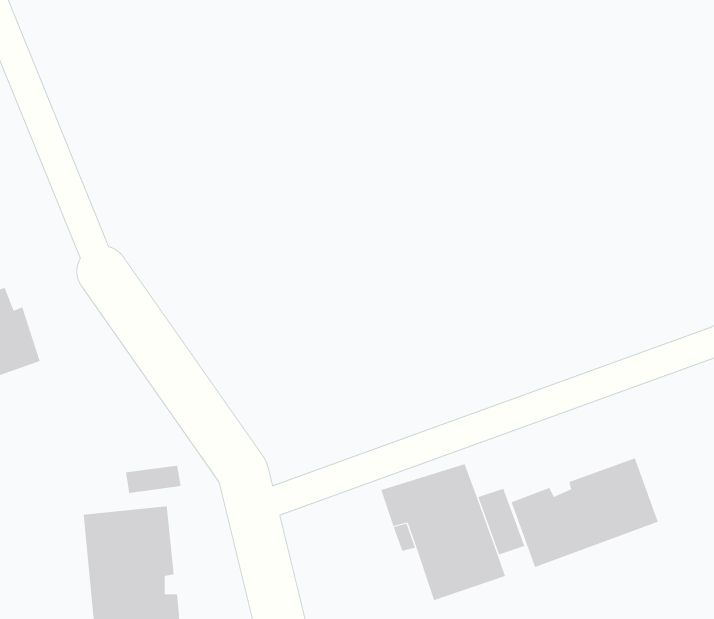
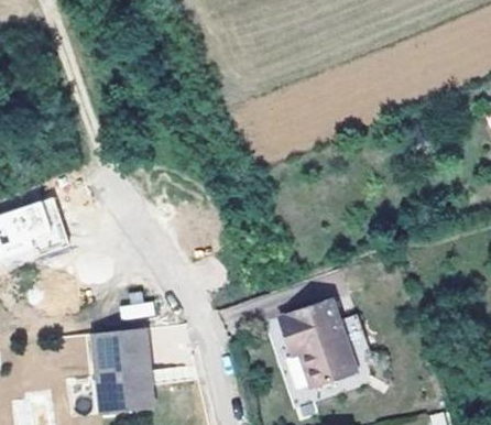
building: [511,458,658,568] -> none

